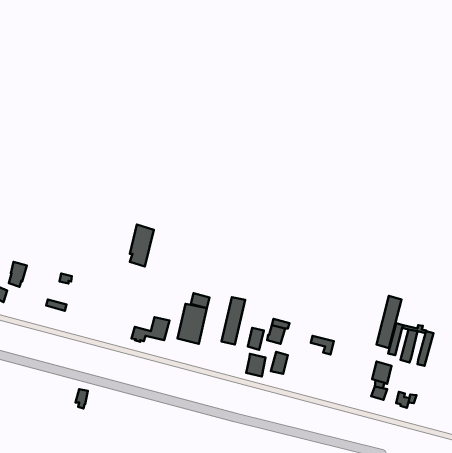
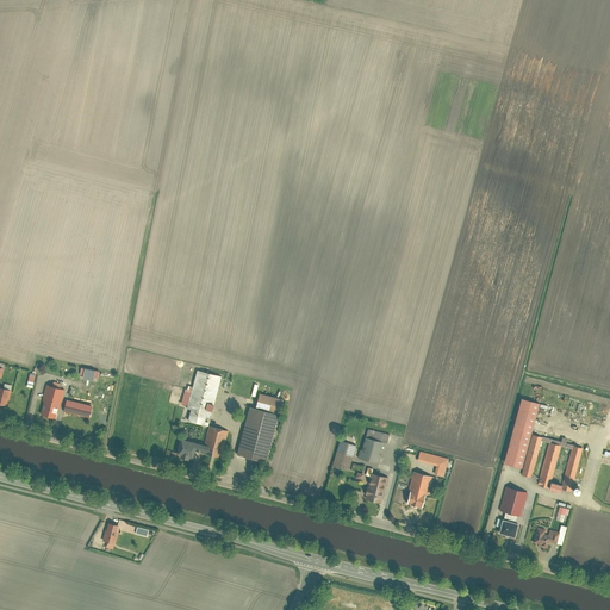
building: [130,225,154,266] -> [187,371,219,427]
building: [9,262,27,287] -> [39,386,63,419]
building: [221,297,245,344] -> none
building: none -> [405,472,430,508]
building: [246,354,265,376] -> none

